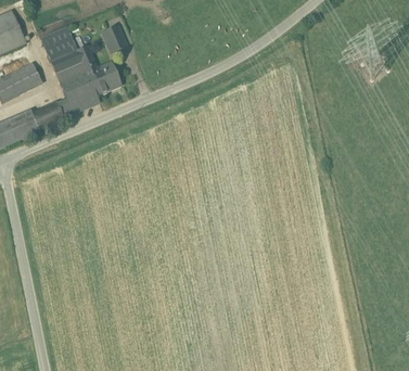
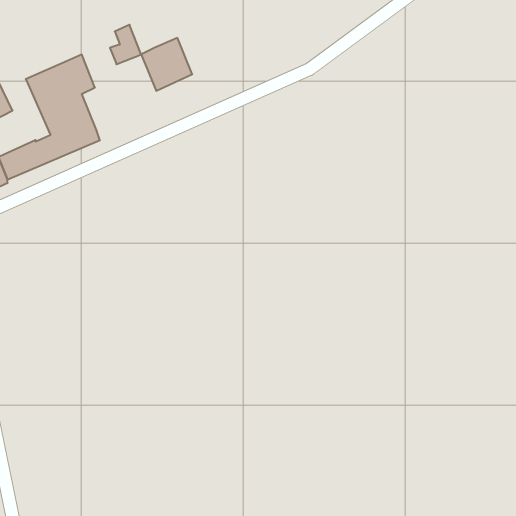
building: [41,26,78,62] -> none
building: [88,61,122,95] -> [141,38,192,91]

